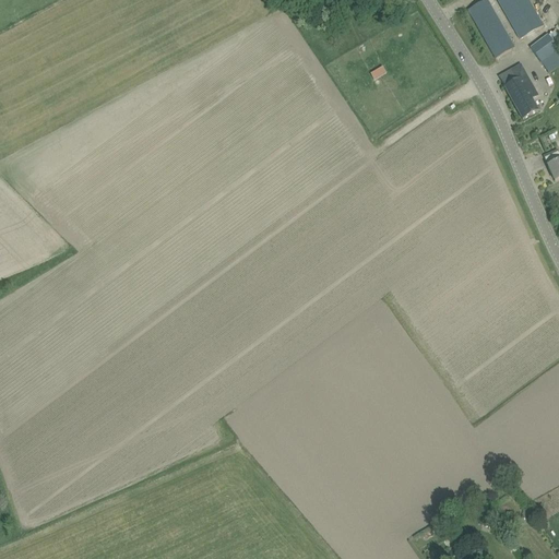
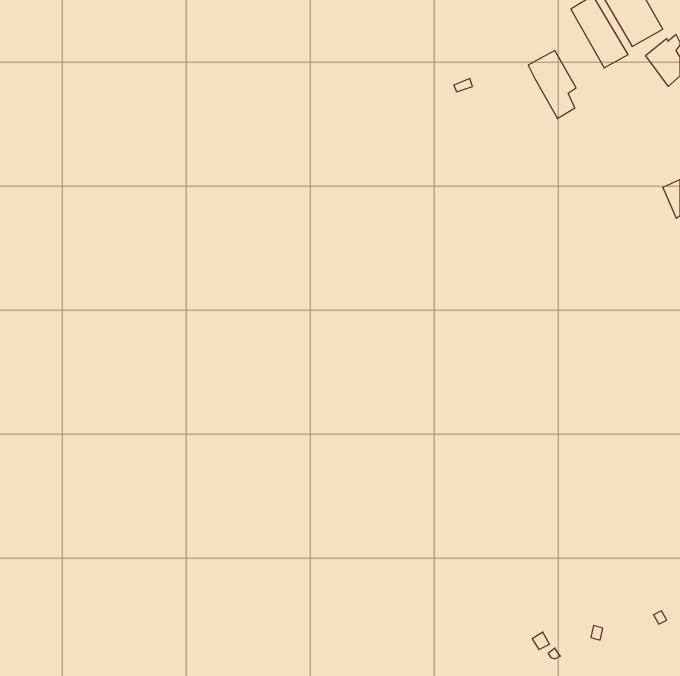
building: [499,62,538,118] -> [528,51,576,119]

